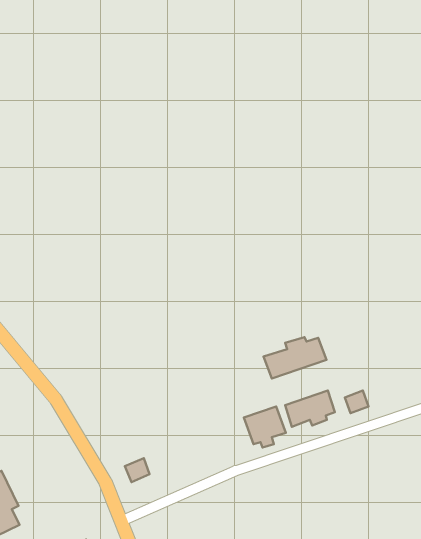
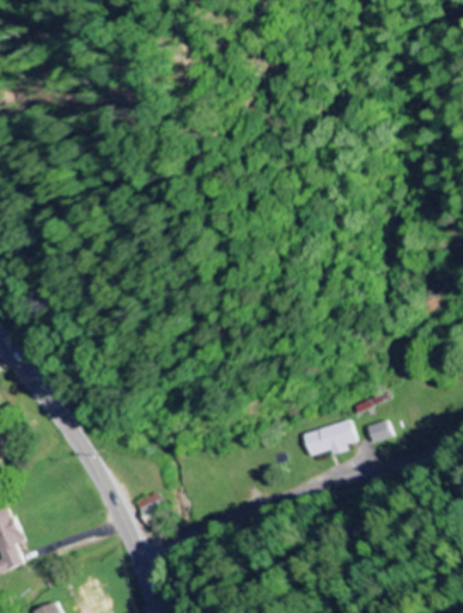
building: [264,337,326,379] -> none
building: [244,406,286,447] -> none

